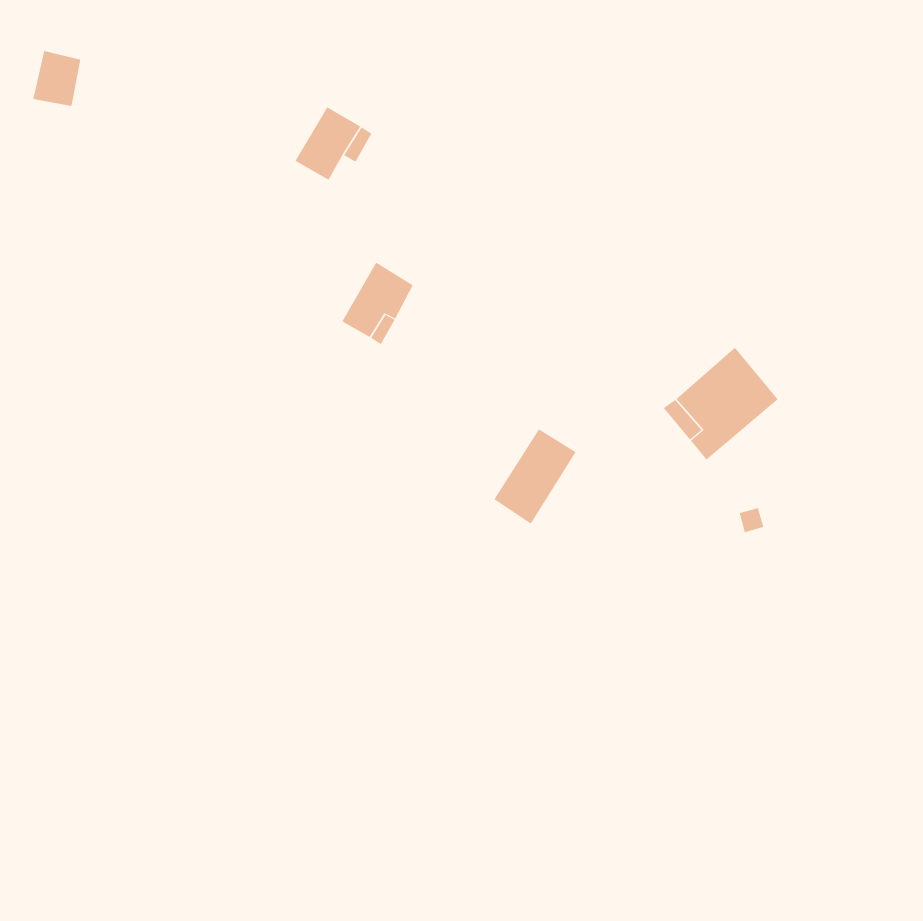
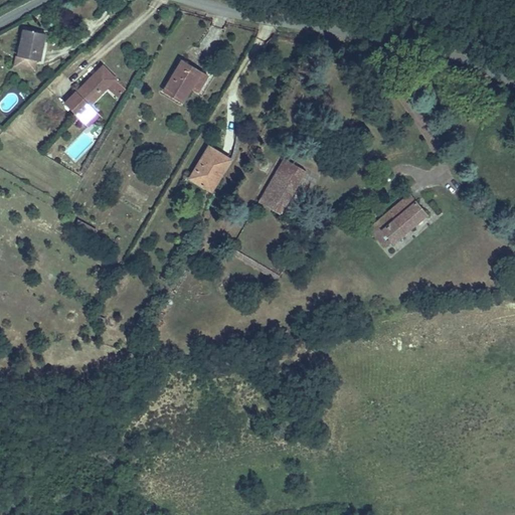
building: none -> [65,64,117,116]
building: [493,429,576,524] -> [258,159,304,212]

